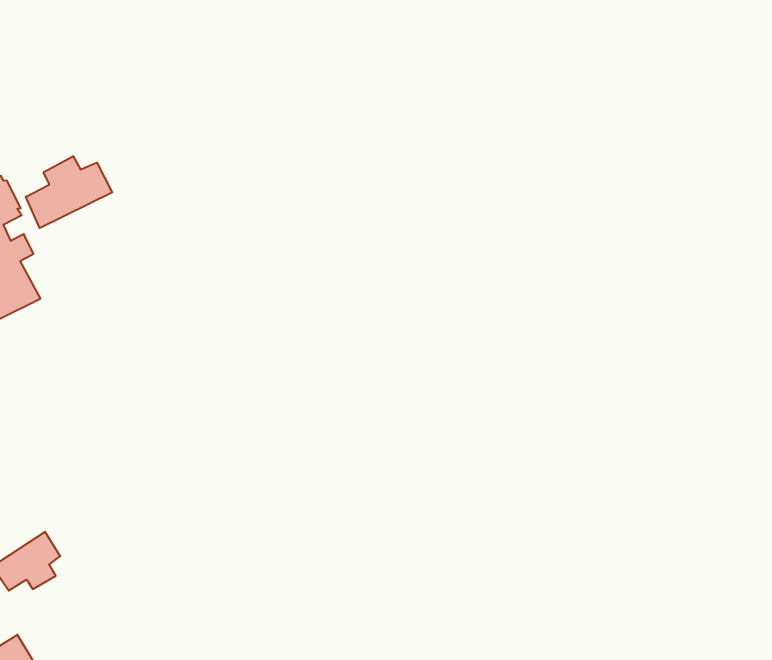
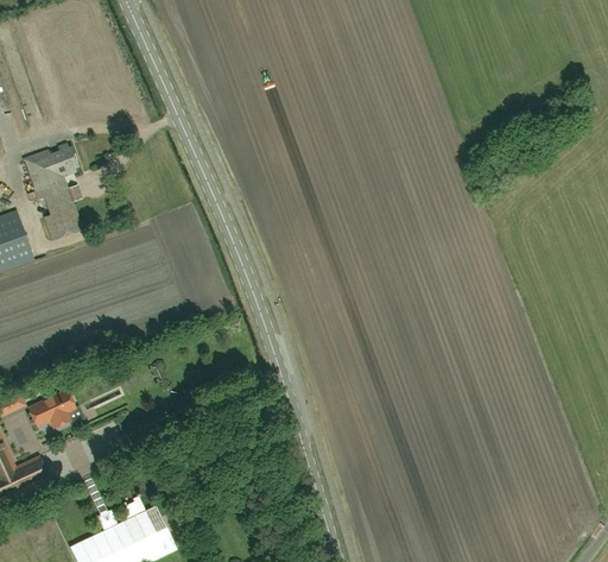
building: [26,156,112,228] -> none

